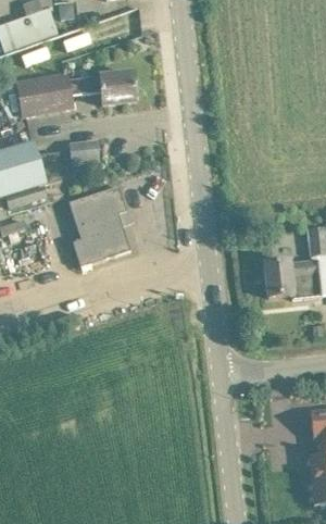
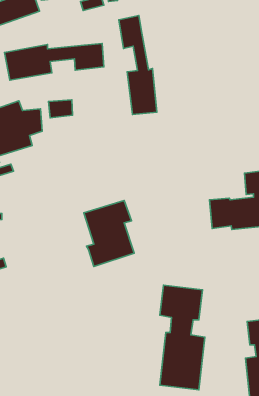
building: none -> [119,15,157,114]
building: [68,184,129,264] -> [84,200,134,267]
building: none -> [160,285,205,390]

